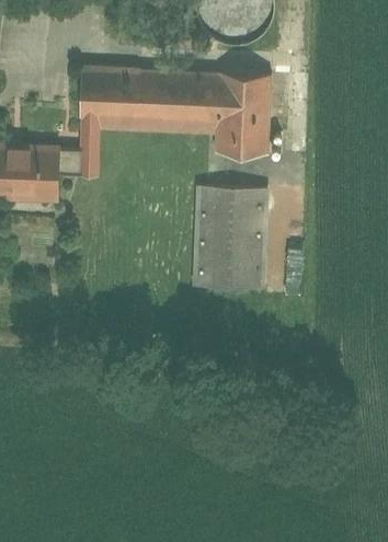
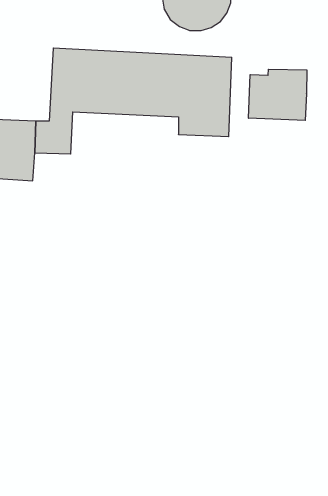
building: none -> [249,69,307,120]
building: [192,186,266,287] -> none

